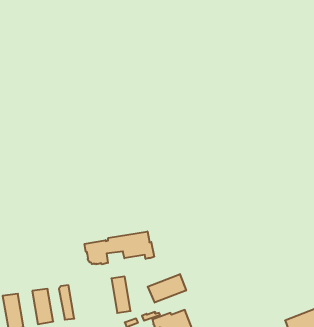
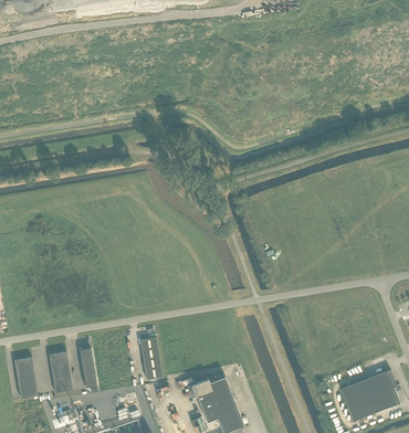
building: [85,231,154,264] -> none
building: [148,274,186,303] -> none

